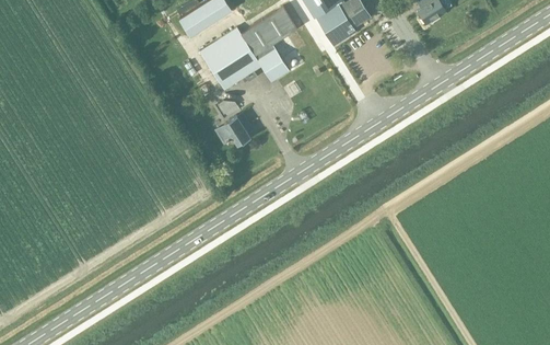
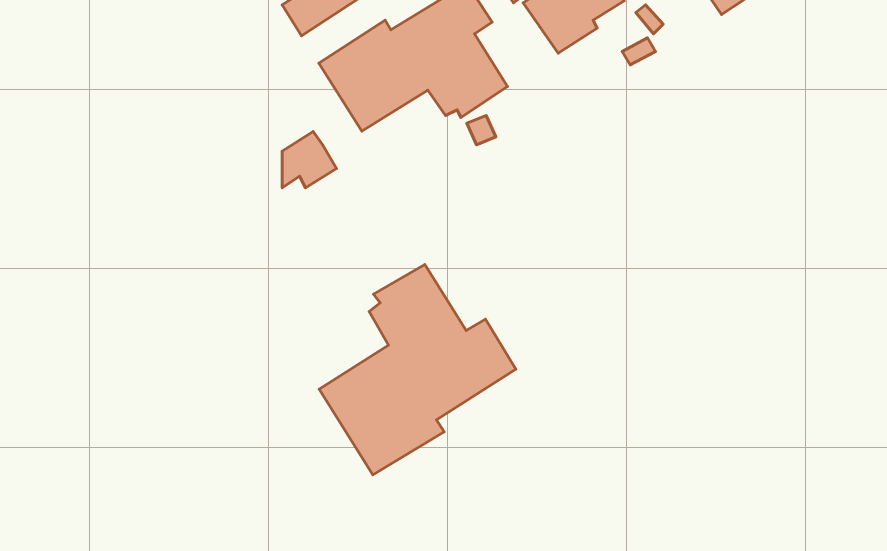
building: [223,113,254,145] -> [282,132,337,188]
building: none -> [319,264,516,475]

